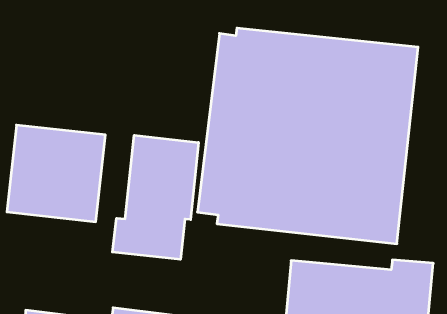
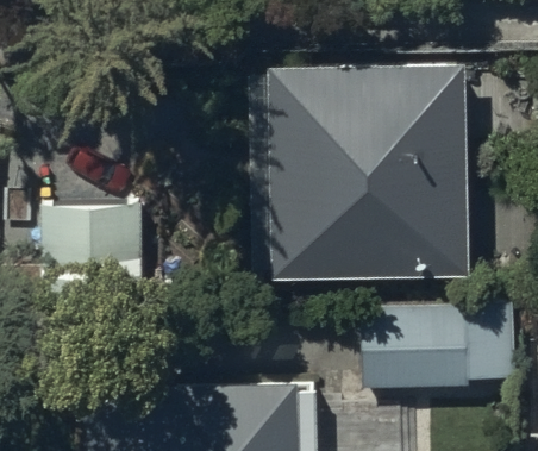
building: [112,135,198,259] -> none

